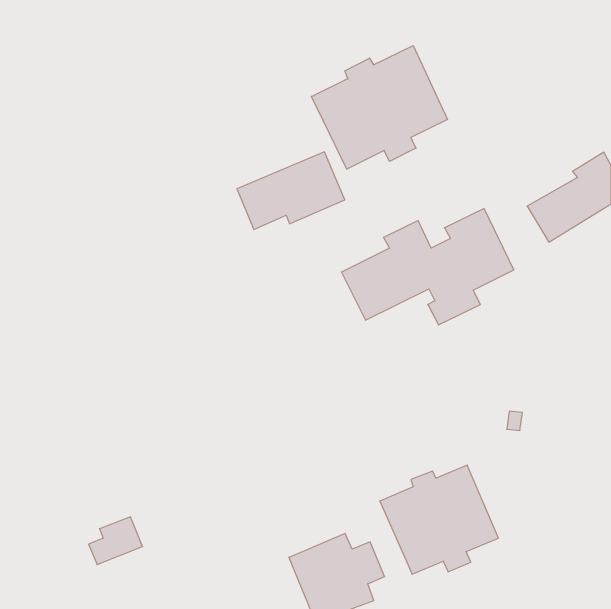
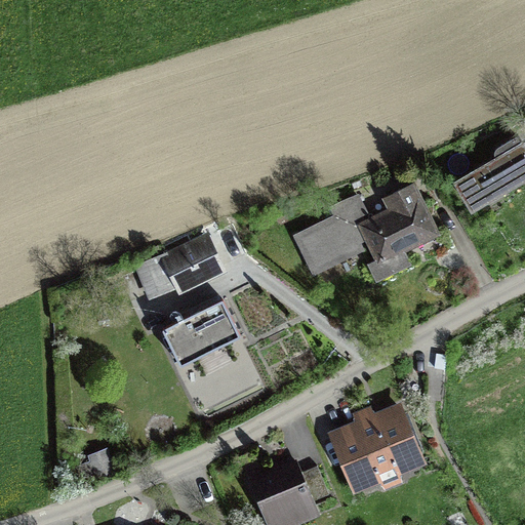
building: [311,46,447,169] -> none
building: [237,152,345,230] -> [133,234,226,300]
building: none -> [161,296,239,363]

